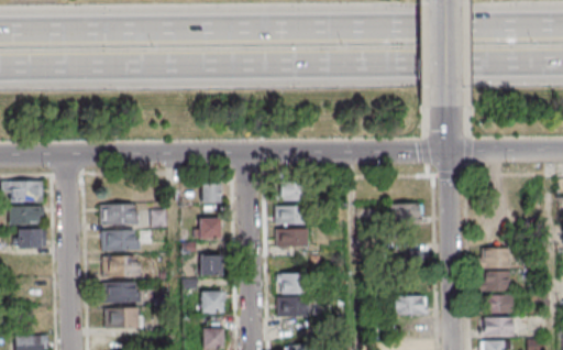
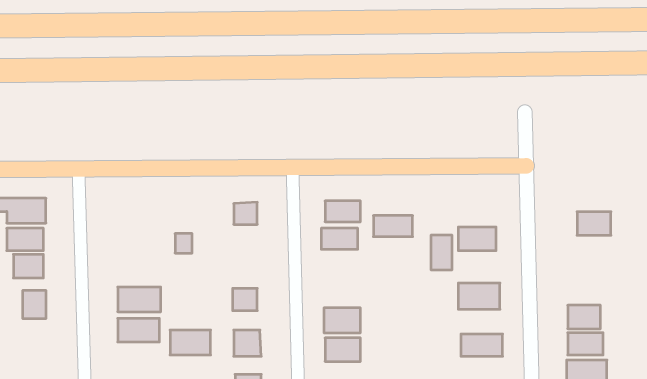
building: [100,205,136,225] -> none
building: none -> [431,235,452,270]
building: [197,219,221,239] -> none
building: [276,229,309,247] -> [373,216,413,237]
building: [101,230,139,250] -> none
building: [482,248,510,267] -> [577,212,611,235]
building: none -> [23,290,46,319]
building: [106,307,140,328] -> [170,330,211,355]

